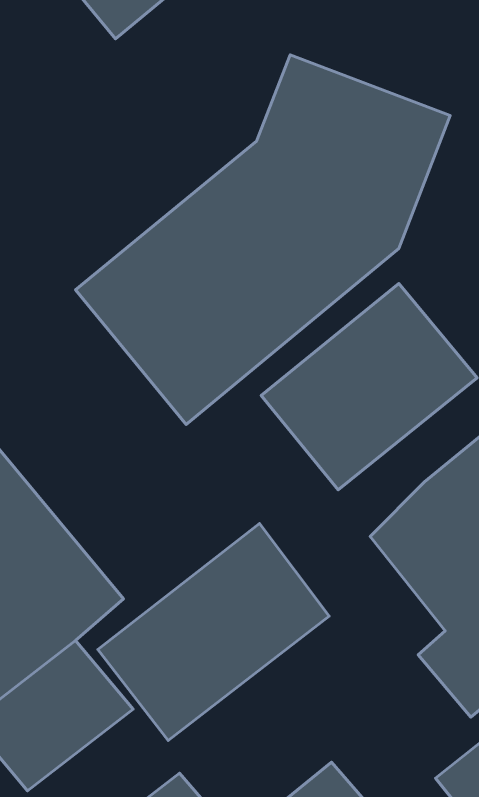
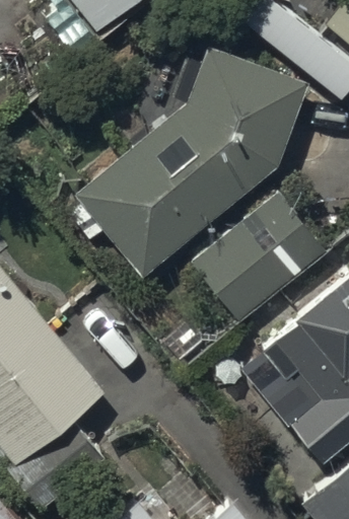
building: [98,523,329,740] -> none

